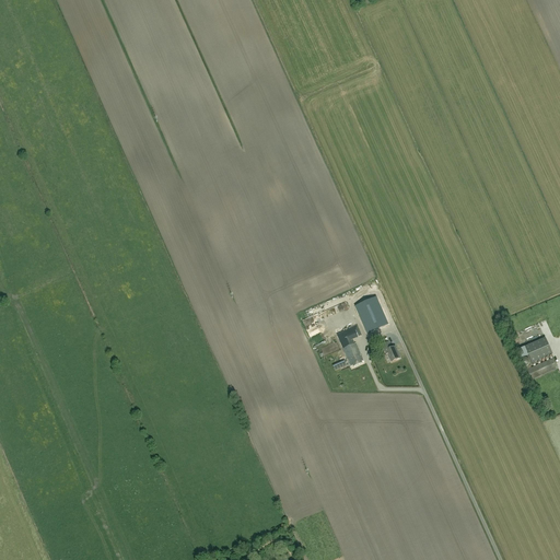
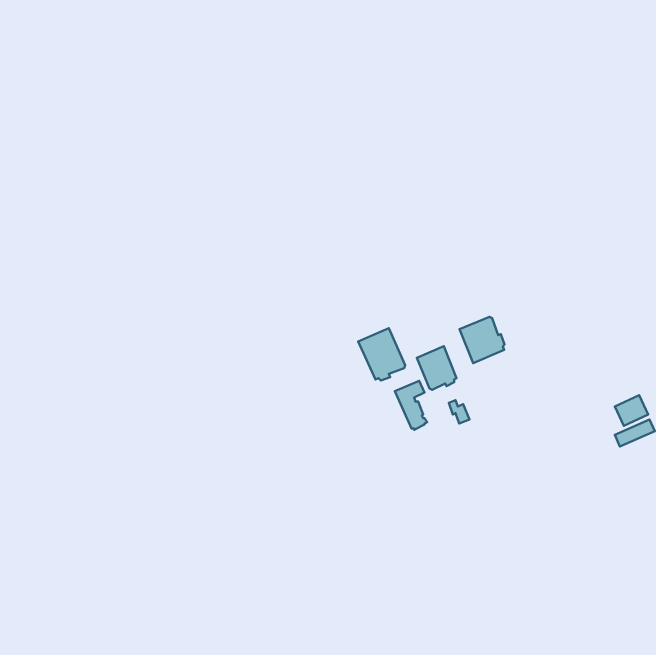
building: none -> [459,317,505,363]
building: none -> [358,328,405,380]

